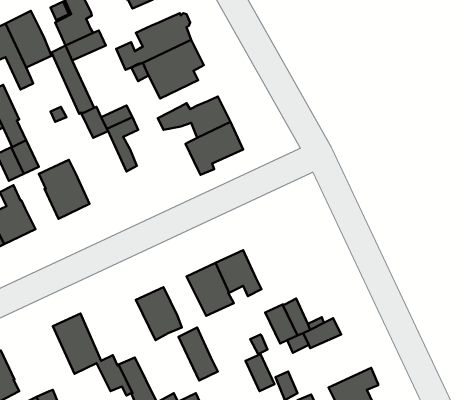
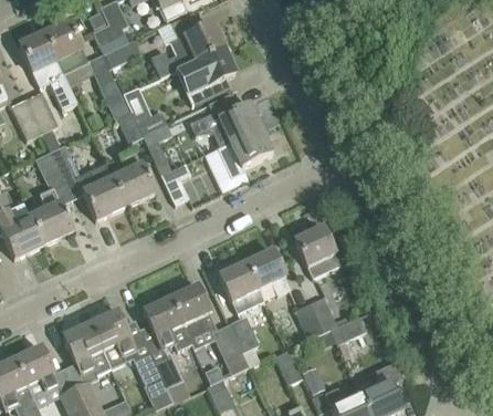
building: none -> [113,148,156,205]
building: none -> [161,162,191,204]
building: none -> [295,226,340,277]
building: none -> [144,297,191,350]
building: none -> [229,314,259,352]
building: none -> [63,322,112,384]

